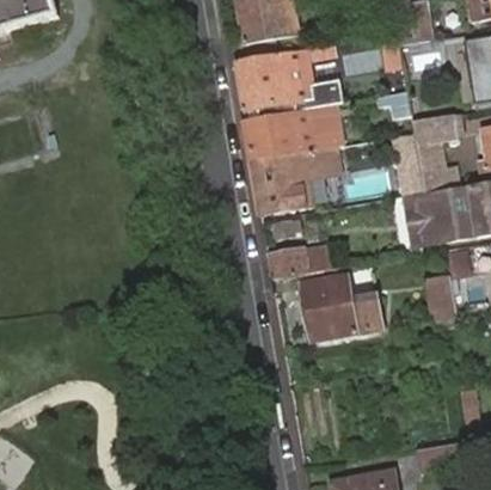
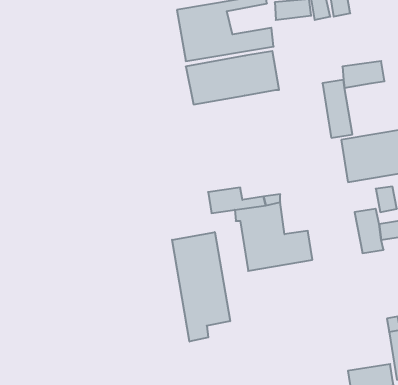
building: [415,137,461,192] -> none
building: [252,145,345,213] -> none
building: none -> [172,232,230,342]

